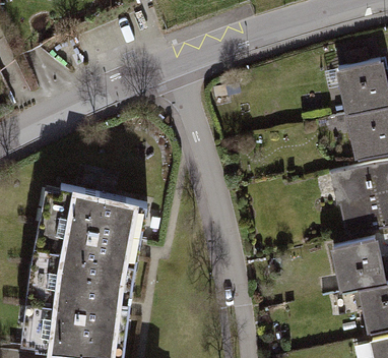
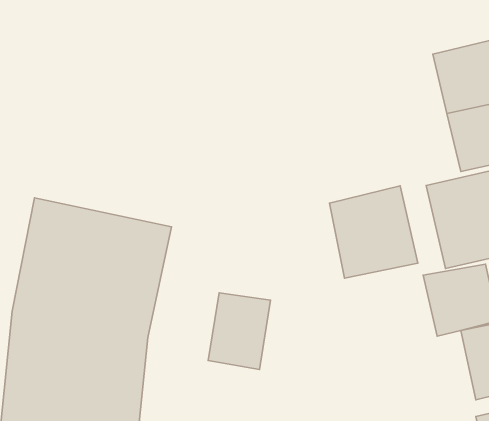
building: none -> [329,186,418,278]
building: none -> [208,293,270,369]

